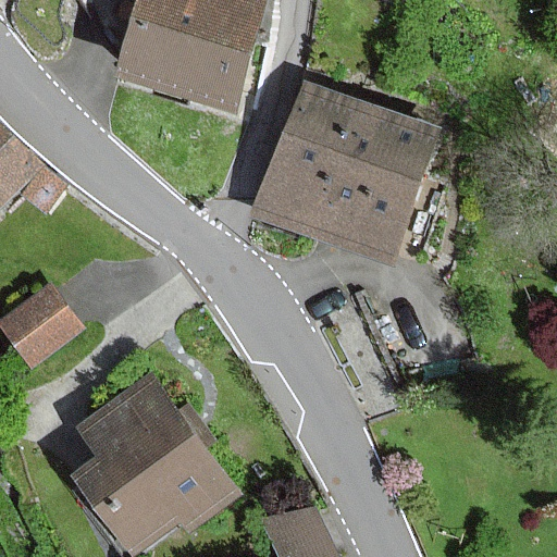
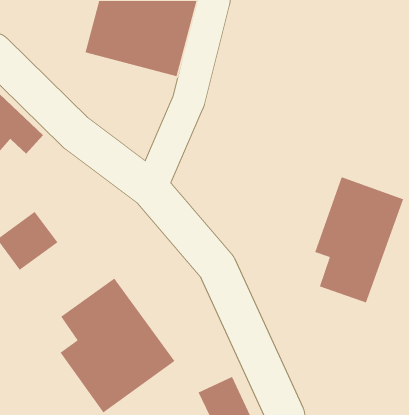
building: [255,81,438,260] -> none
building: none -> [314,176,404,304]

